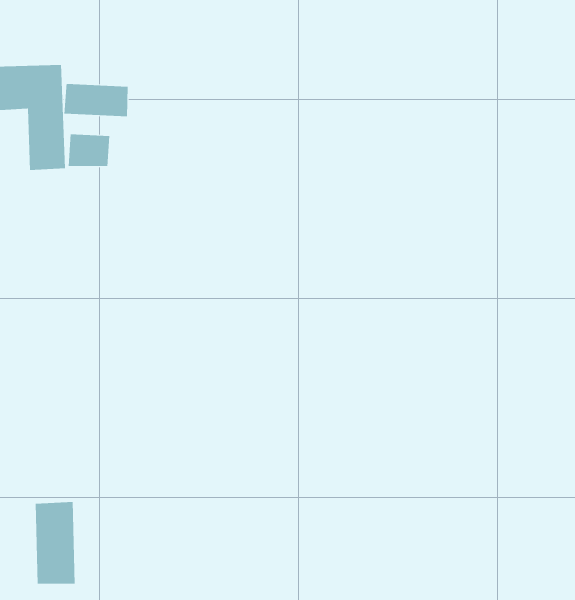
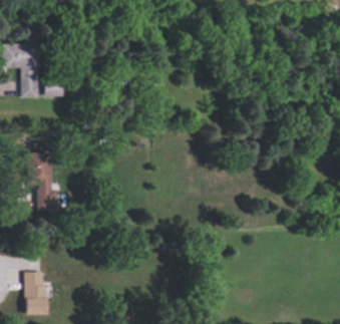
building: [64,83,128,117] -> none
building: none -> [28,152,58,211]

